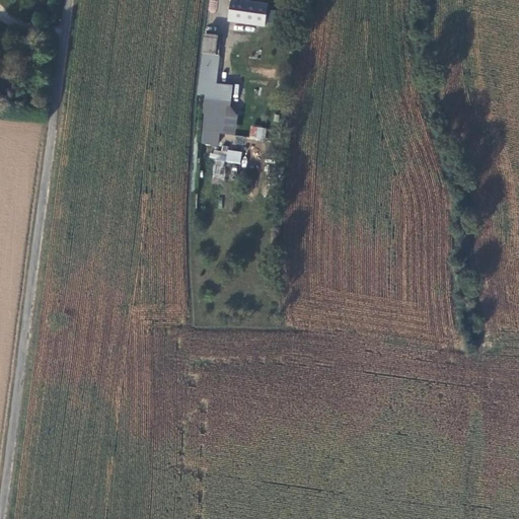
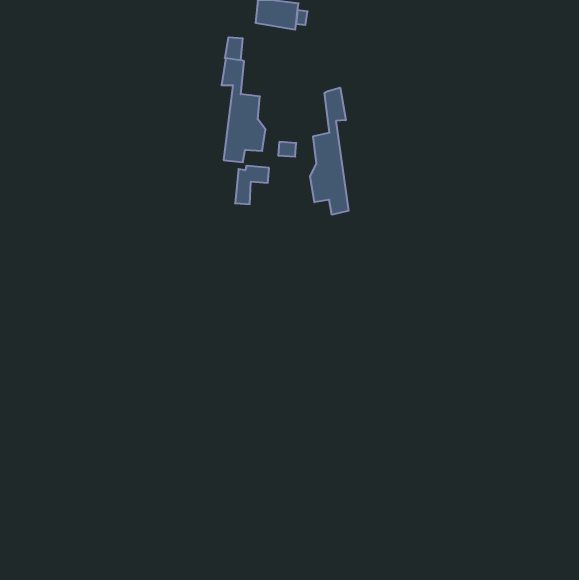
building: none -> [310,88,349,215]

